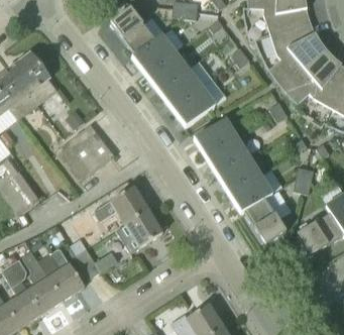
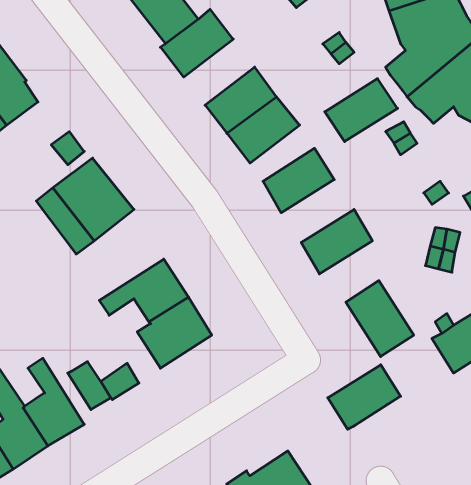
building: [145,51,189,92] -> none
building: [205,137,249,176] -> [325,79,398,142]
building: [228,175,272,214] -> [328,365,401,429]

